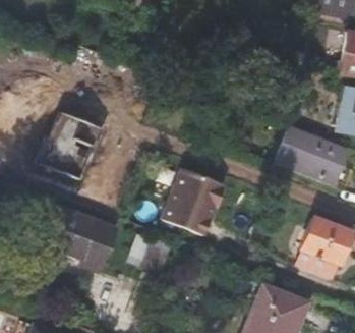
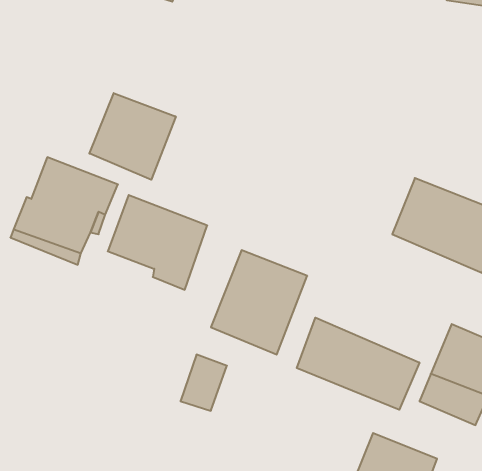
building: none -> [89,93,176,180]
building: [51,210,114,270] -> [108,195,207,290]
building: none -> [297,318,419,410]

